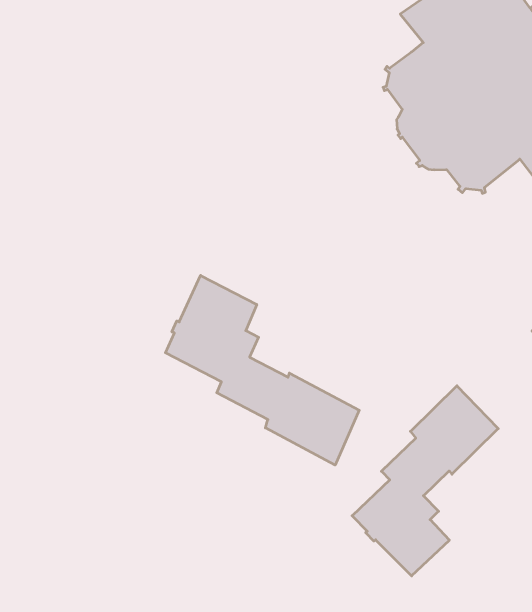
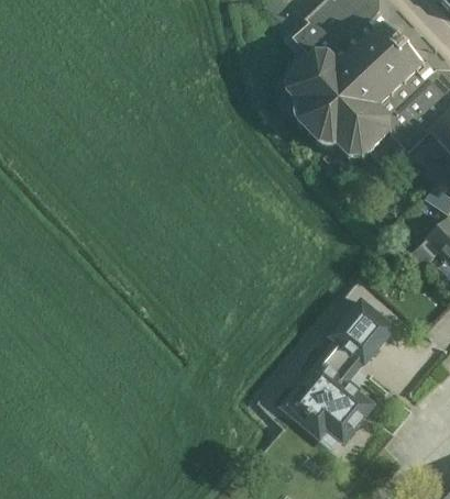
building: [165,275,359,465] -> none

